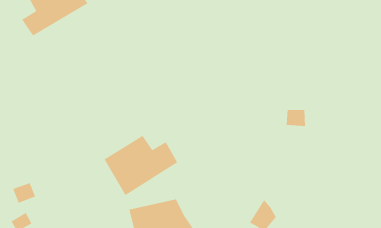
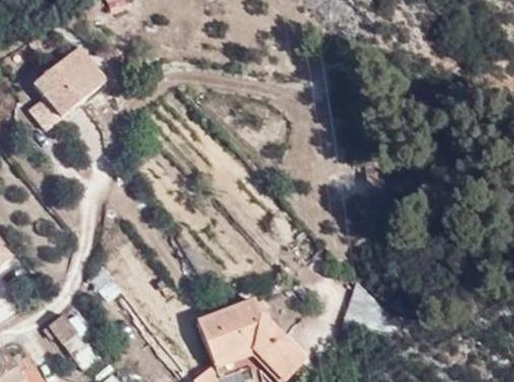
building: [104,135,178,196] -> none

